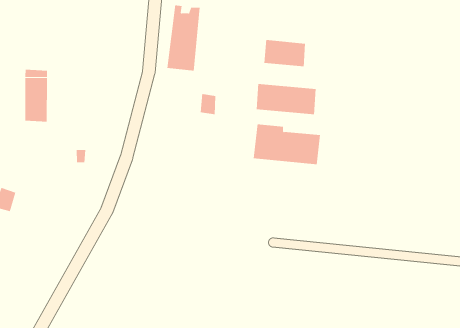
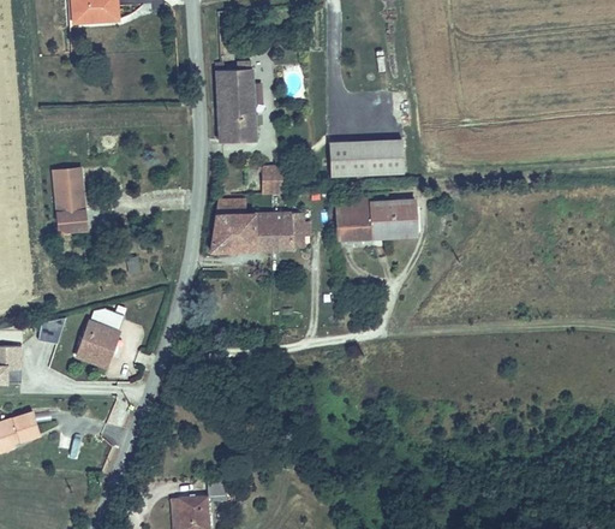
building: [264,39,305,67] -> none
building: none -> [214,197,306,251]
building: none -> [74,304,124,363]

